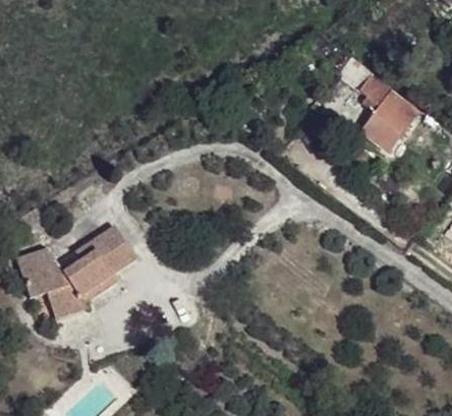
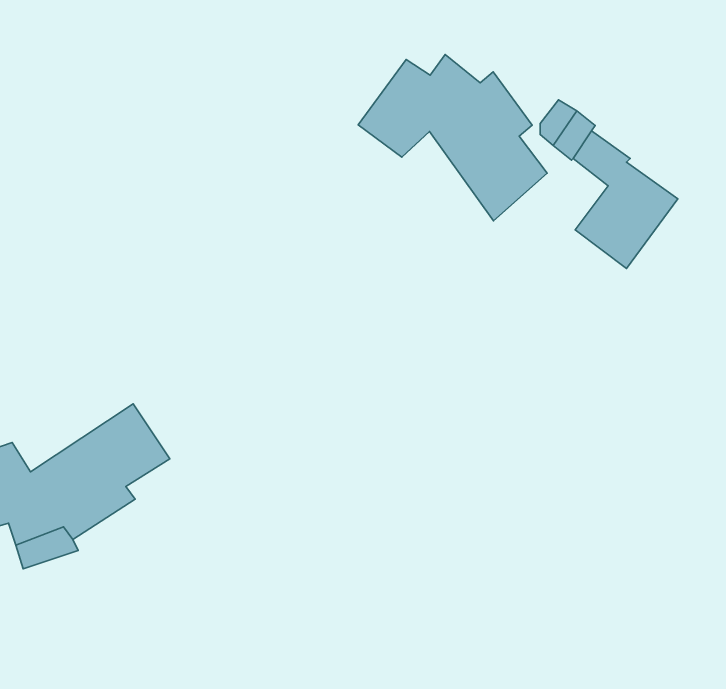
building: none -> [358,54,547,221]

